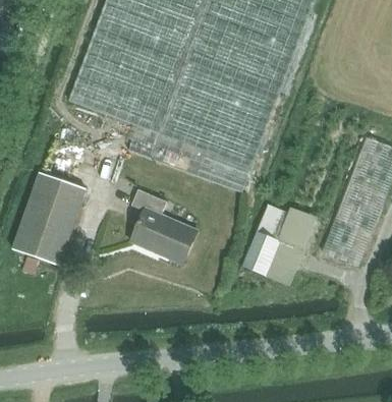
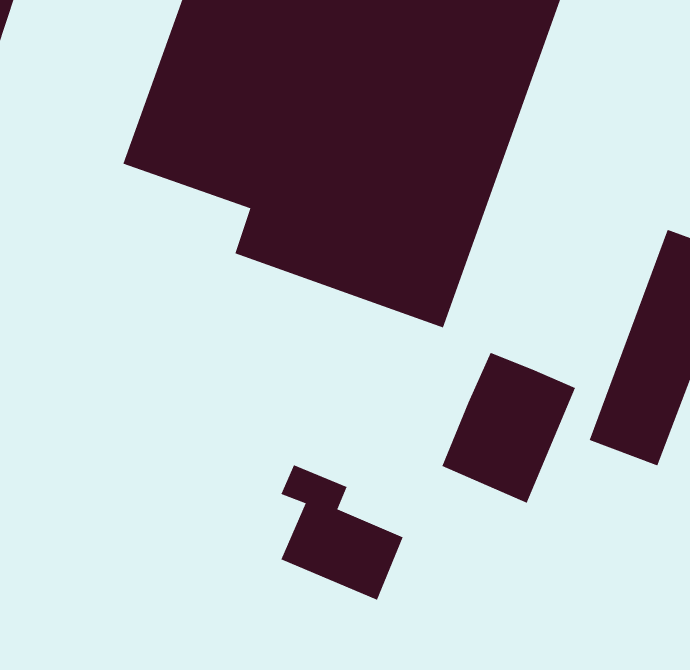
building: [13,173,87,266] -> none
building: [131,189,199,264] -> [281,464,404,601]

